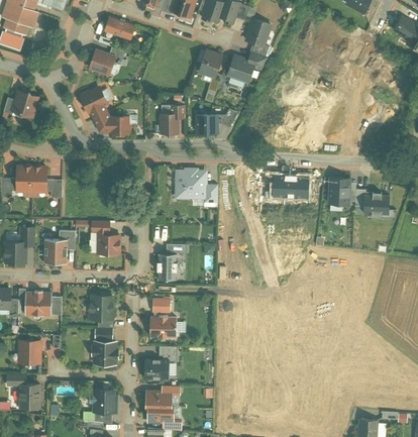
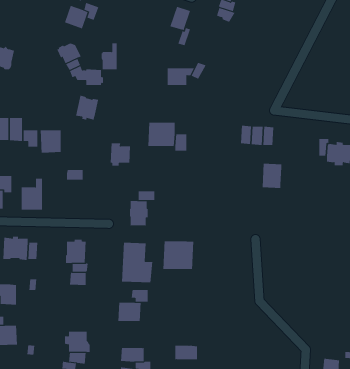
building: [227,56,253,82] -> none
building: [160,105,177,133] -> [101,43,117,70]
building: none -> [75,95,99,121]
building: [328,178,349,204] -> [262,163,282,188]
building: none -> [40,129,61,154]
building: [97,232,119,256] -> [110,143,131,166]
building: none -> [163,241,194,270]
building: [92,341,117,364] -> none
building: [146,392,171,407] -> [175,345,198,360]

